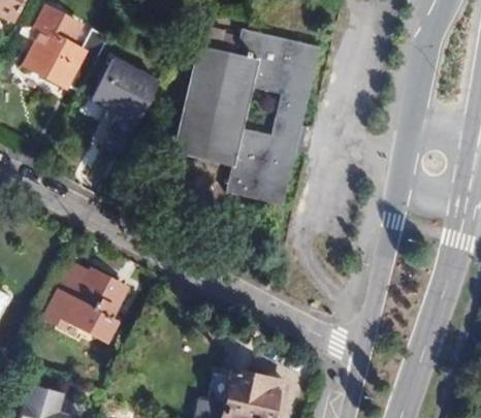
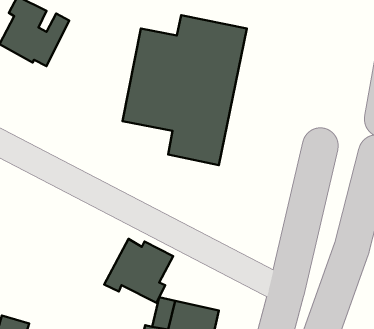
building: [93,56,161,151] -> none
building: [43,265,125,341] -> [104,239,173,303]

